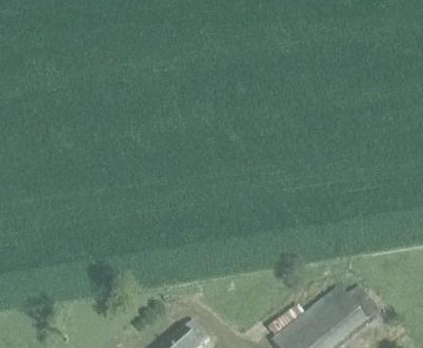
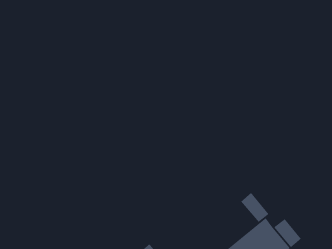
building: none -> [240,192,269,223]

